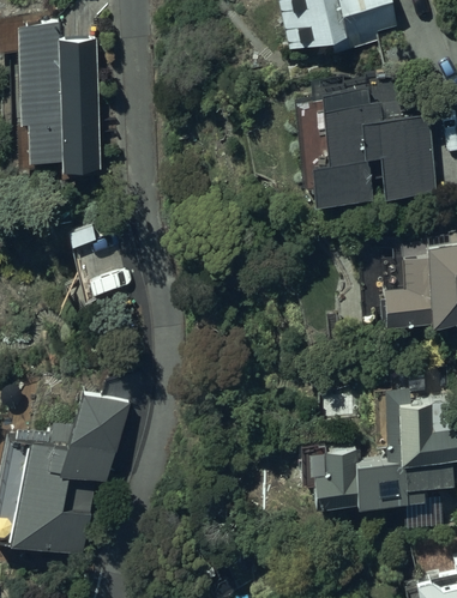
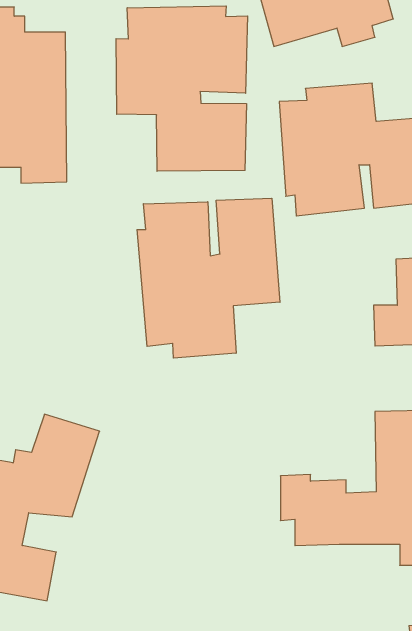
building: none -> [116,6,247,171]
building: none -> [137,198,280,358]

